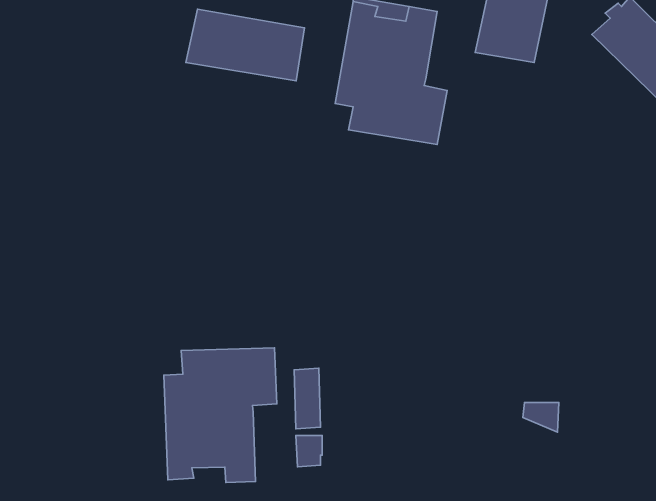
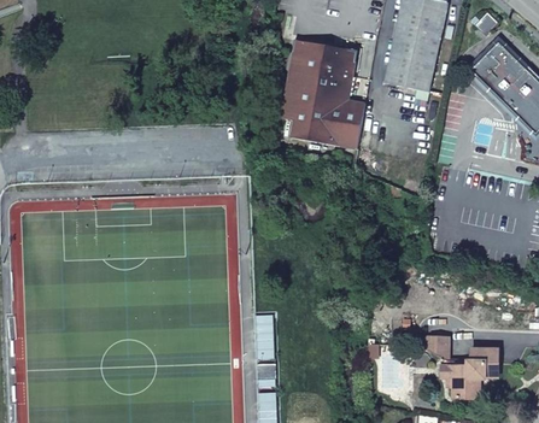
building: [186,9,304,81] -> none
building: [164,348,277,483] -> none
building: none -> [452,348,497,398]

